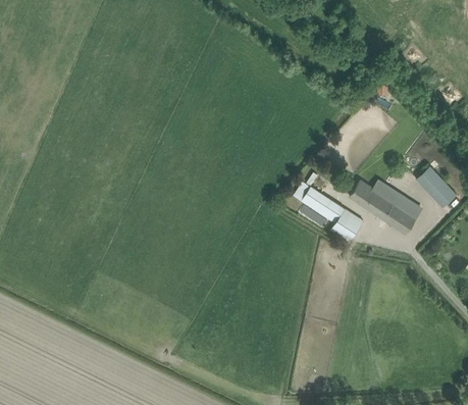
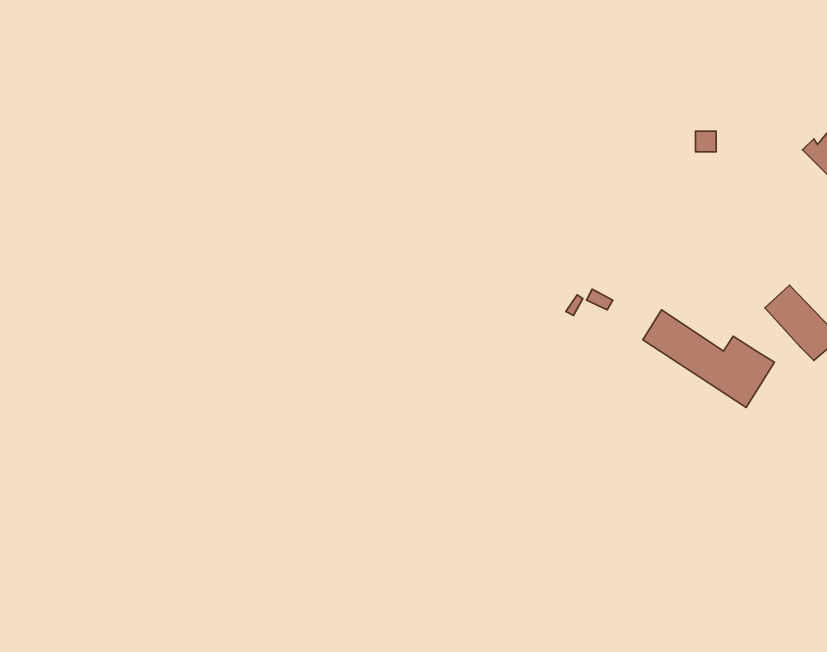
building: [294,182,363,241] -> none

